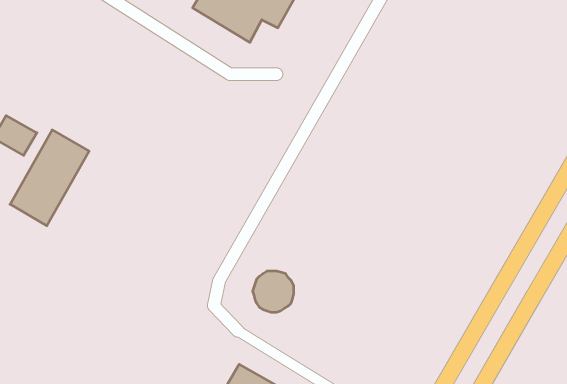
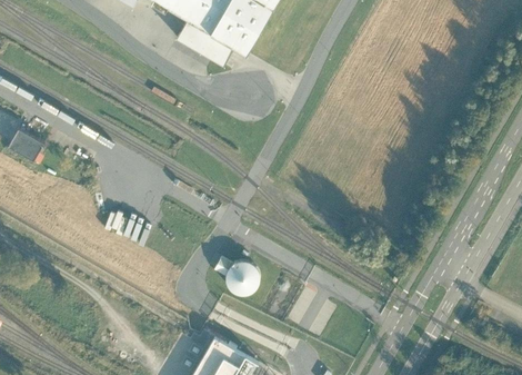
building: [10,130,89,226] -> none

